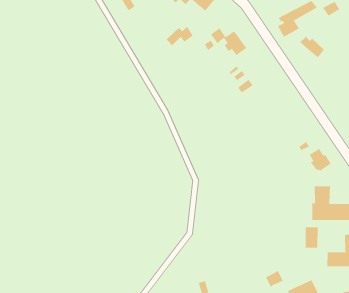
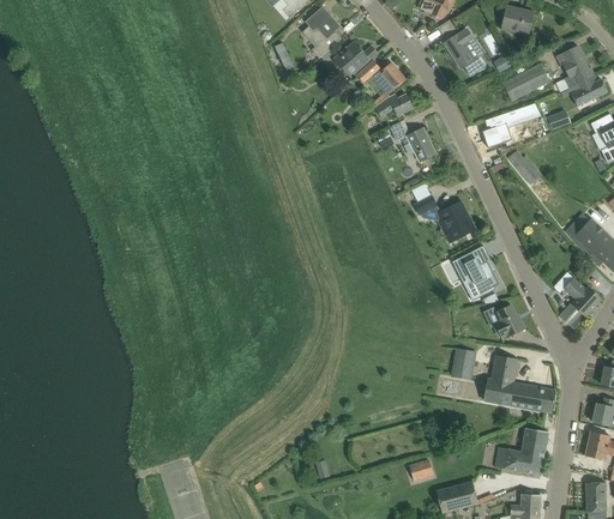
building: [166,26,194,46] -> [374,93,413,117]
building: none -> [439,200,475,241]
building: none -> [455,251,499,296]
building: [305,227,318,248] -> [452,346,475,378]

